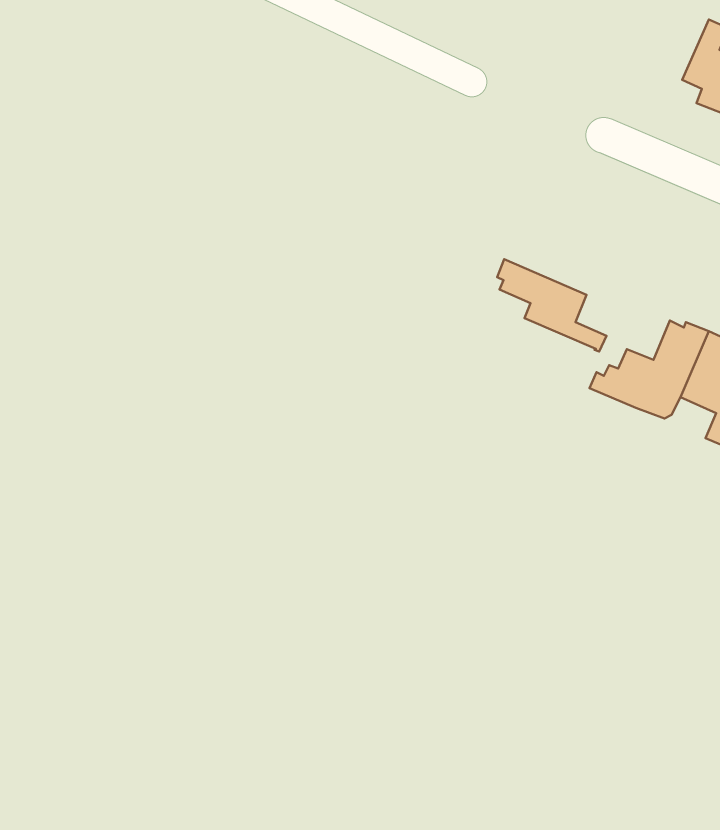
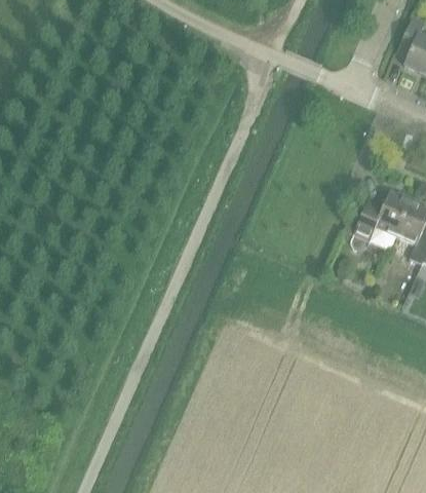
building: [497,259,607,352] -> none

